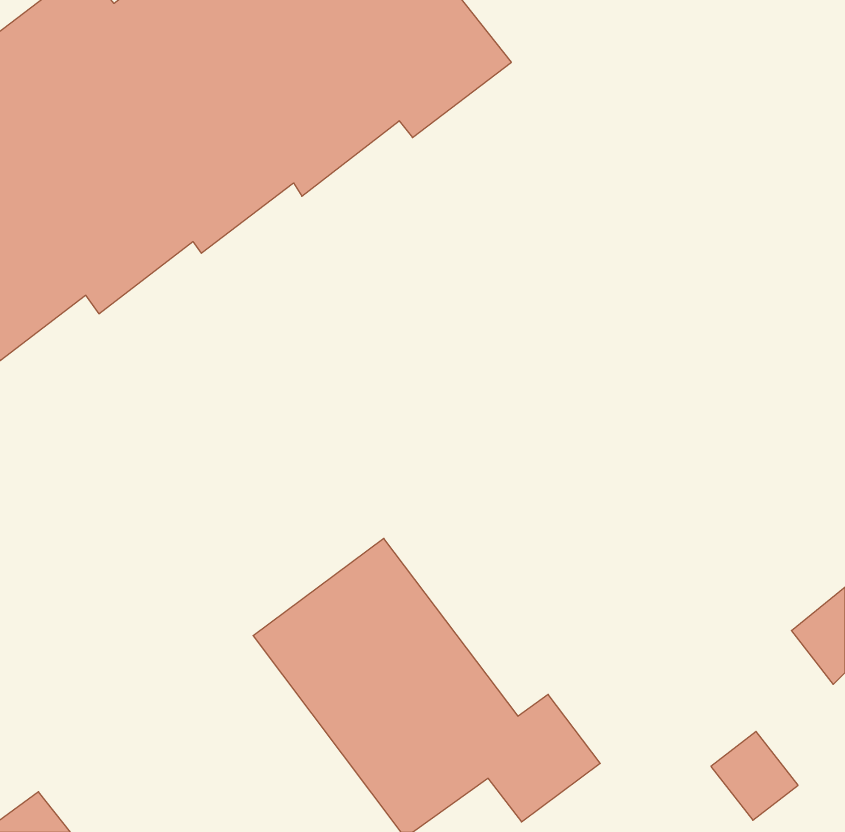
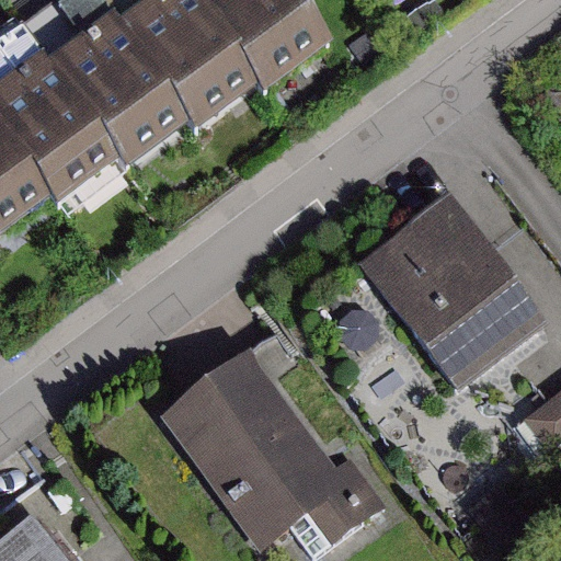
building: none -> [354,192,542,390]

